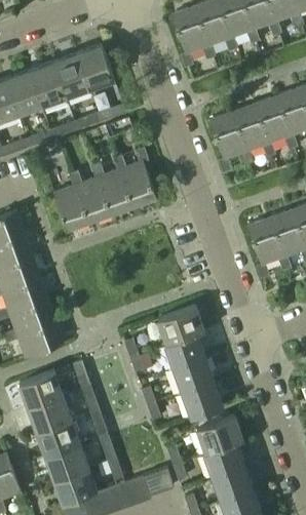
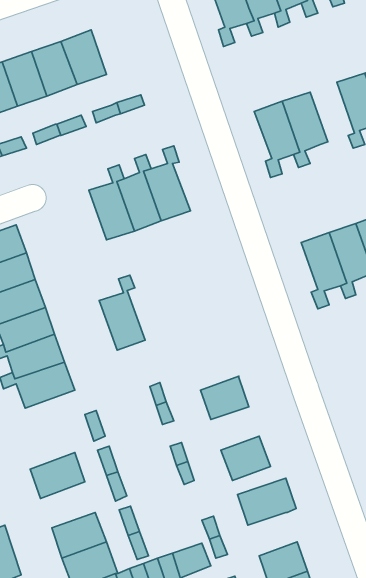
building: [77,45,114,89] -> none
building: [254,95,290,157] -> none
building: [52,170,89,231] -> [99,275,145,350]
building: [156,306,204,344] -> none
building: [174,357,213,392] -> none
building: [18,370,64,407] -> none
building: [36,418,80,454] -> none
building: [203,442,243,477] -> none

